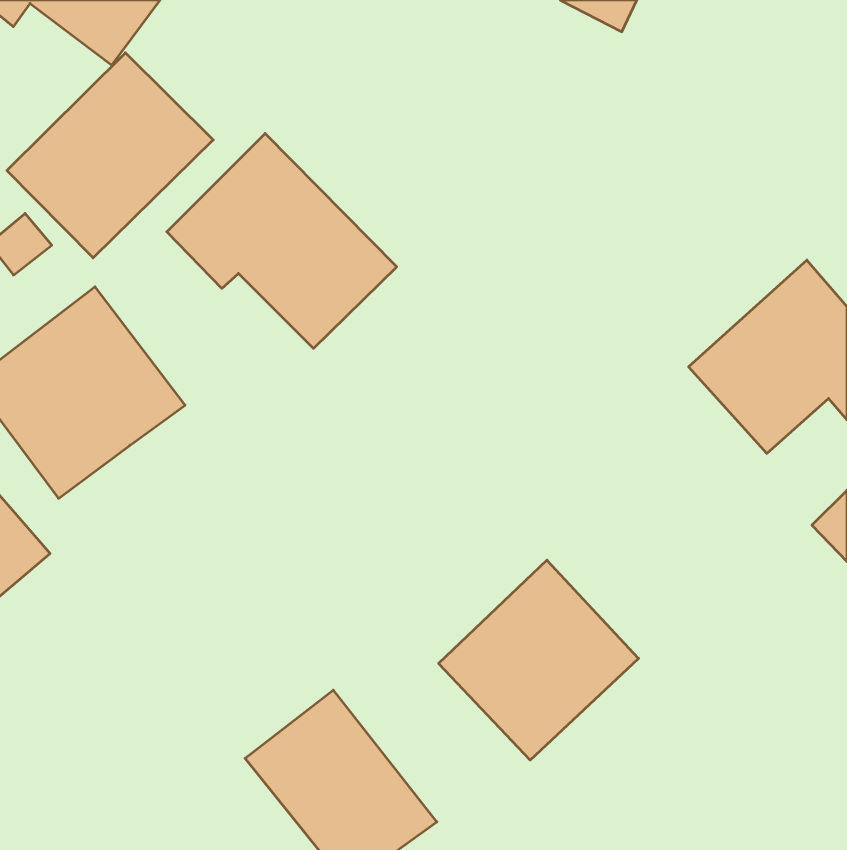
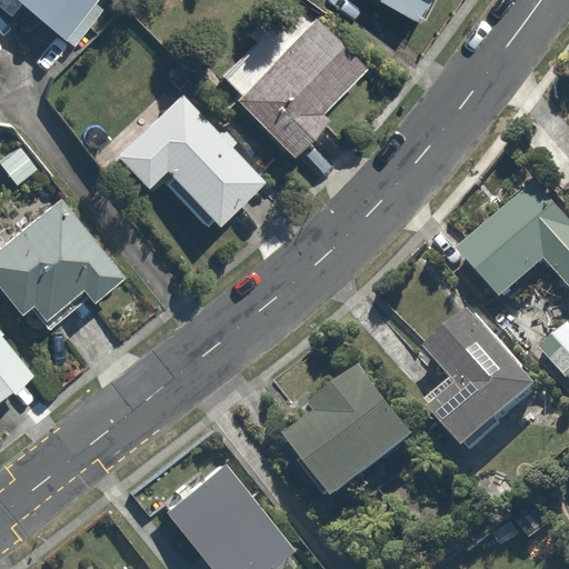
building: none -> [217,19,360,157]
building: [7,53,213,258] -> none
building: none -> [429,310,550,457]

